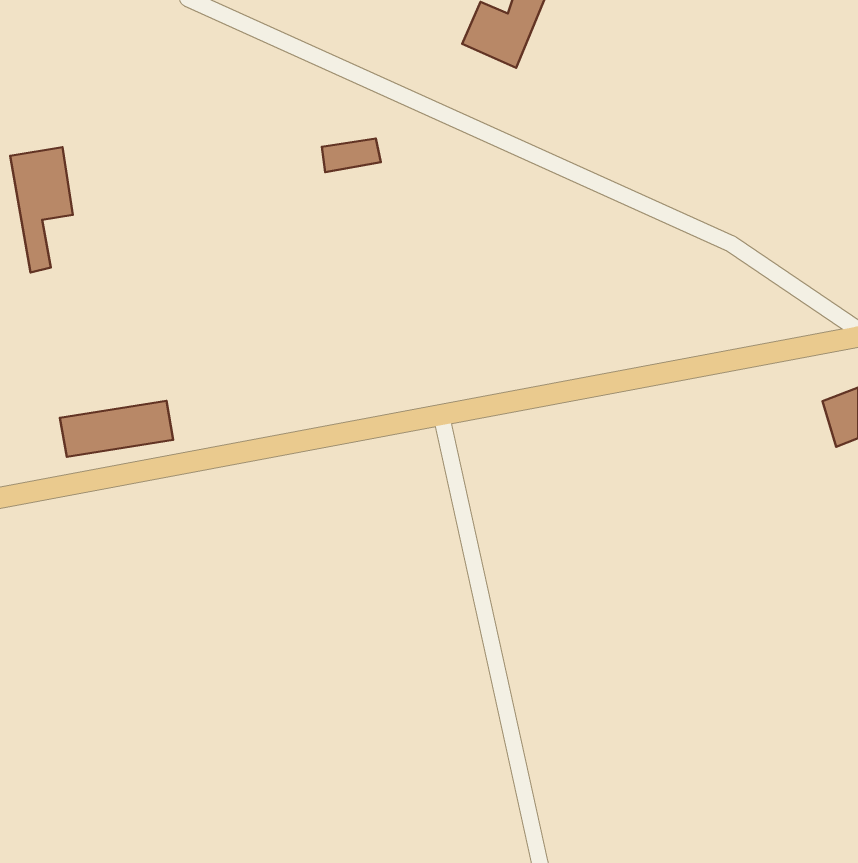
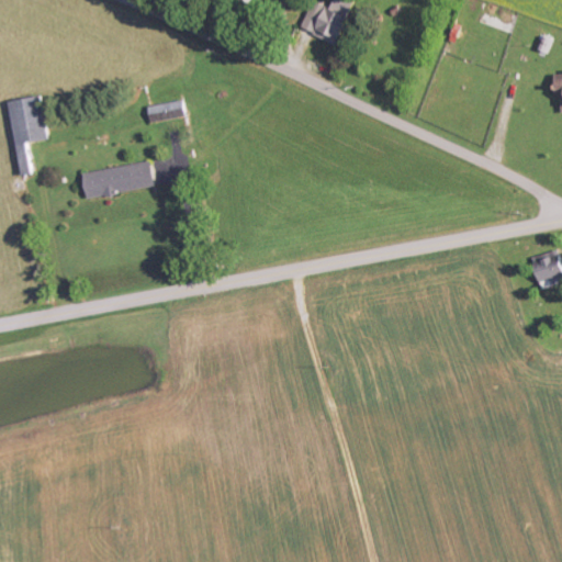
building: [322,138,381,172] -> [147,100,186,122]
building: [60,401,173,457] -> [81,161,155,198]

